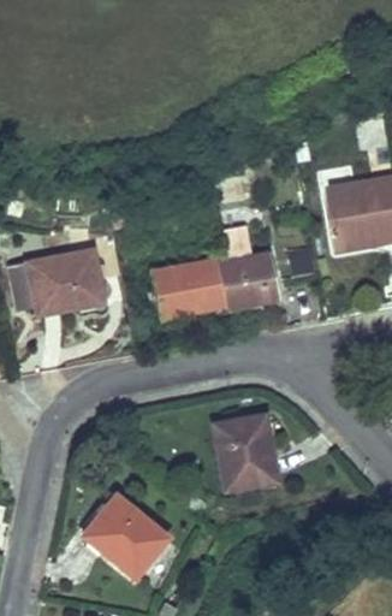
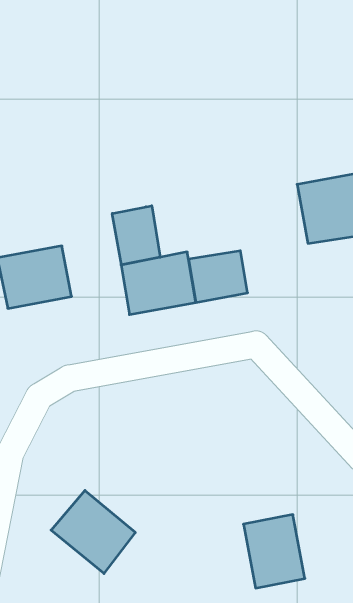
building: none -> [112,206,160,265]
building: [214,415,275,488] -> [243,515,305,588]

